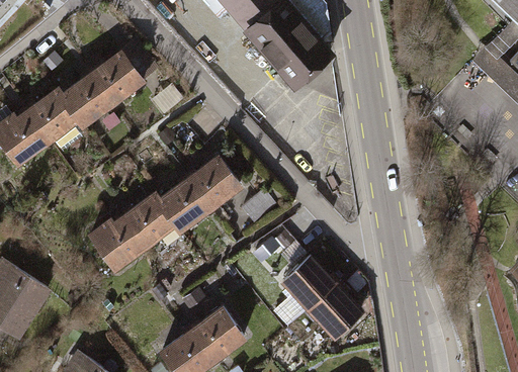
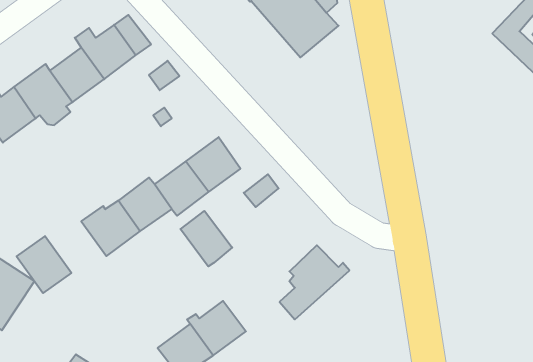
building: none -> [180,211,232,266]
building: none -> [17,236,71,293]
building: [289,280,361,341] -> none

